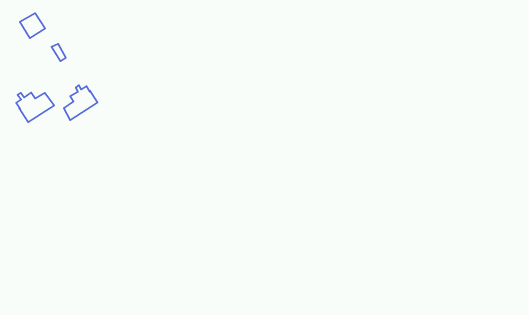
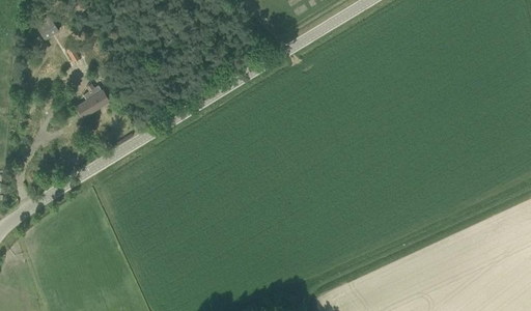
building: [16,92,54,122] -> none

